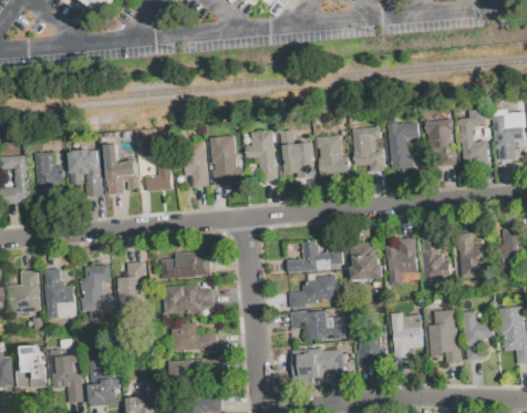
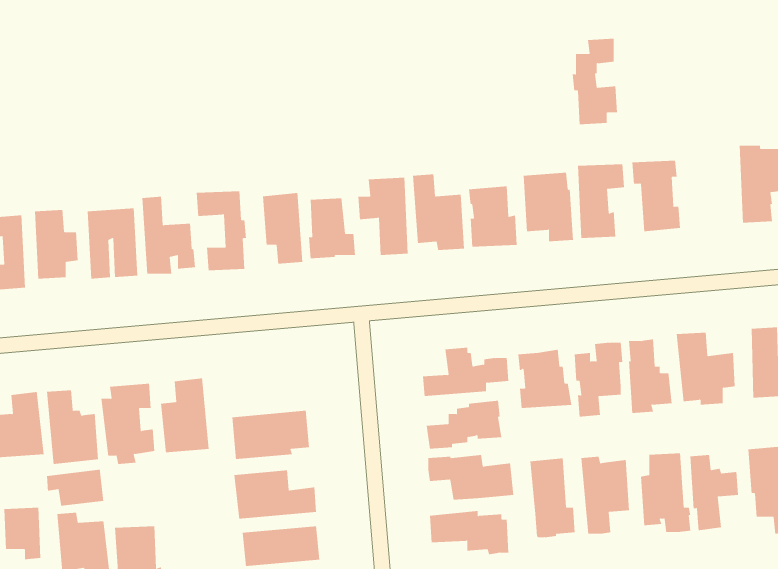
building: [457,107,487,164] -> [572,38,618,125]
building: [161,251,211,279] -> none
building: none -> [47,469,104,507]

